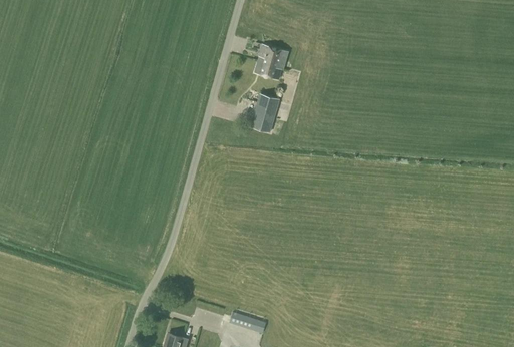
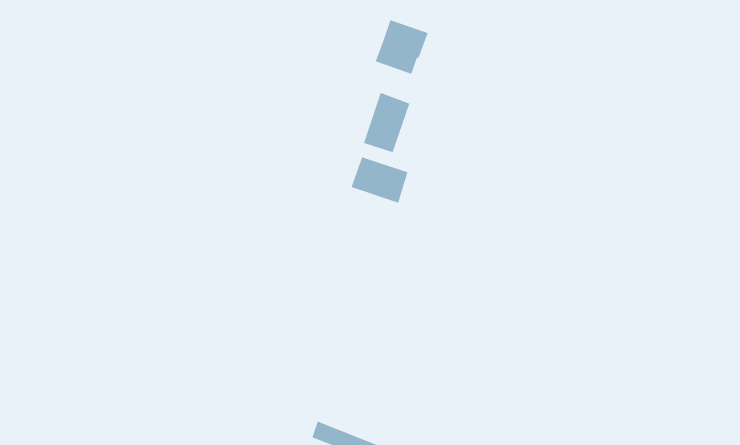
building: none -> [351,157,408,204]

